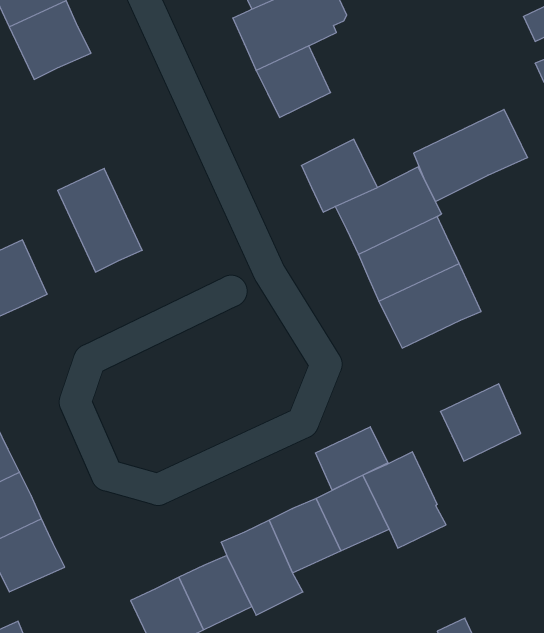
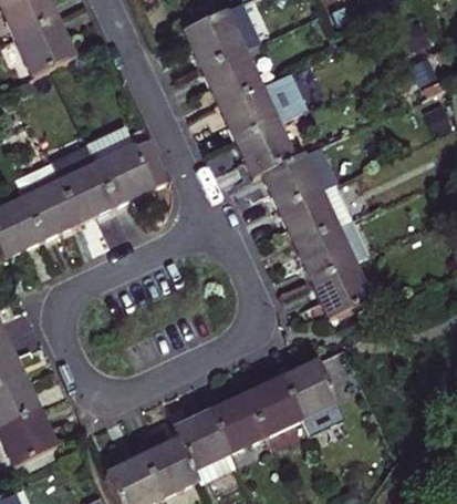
building: [414,109,528,201] -> [219,72,305,142]
building: none -> [86,125,170,207]
building: none -> [15,163,80,239]
building: [440,384,521,461] -> [312,259,373,318]
building: [315,427,388,490] -> none

